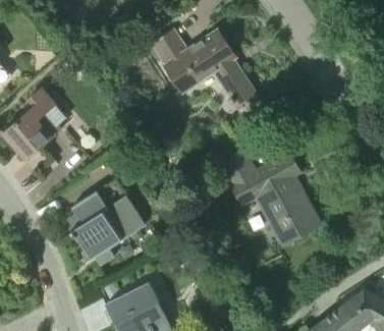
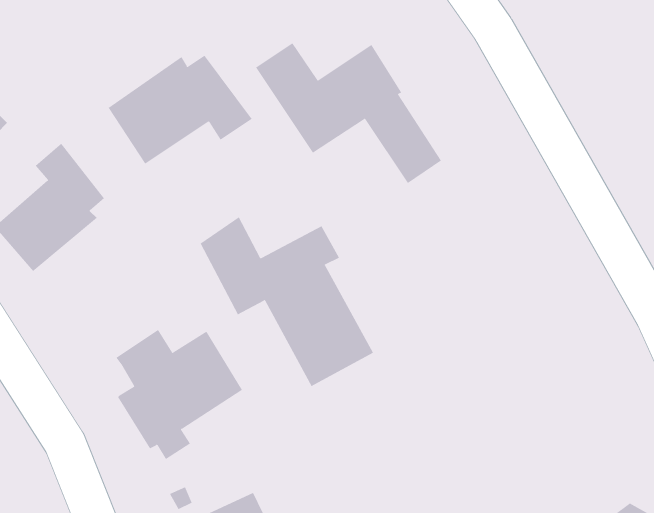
building: none -> [108,55,252,164]
building: [220,148,319,244] -> [200,217,374,387]

